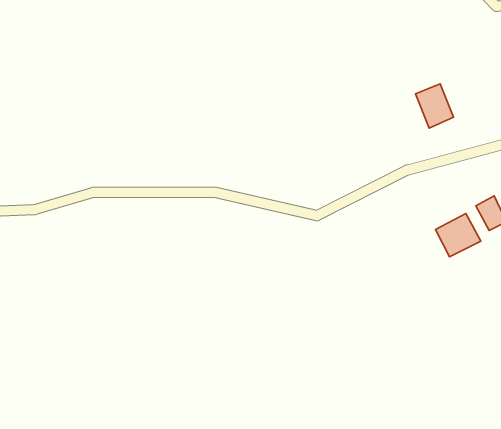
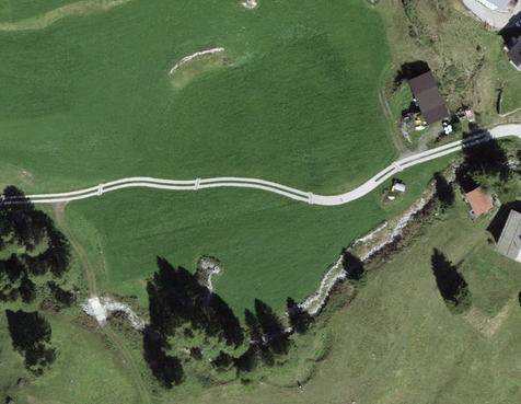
building: [436,213,481,257] -> none

